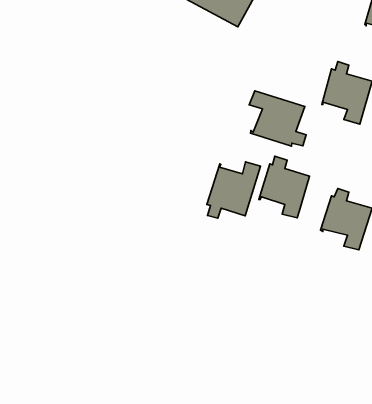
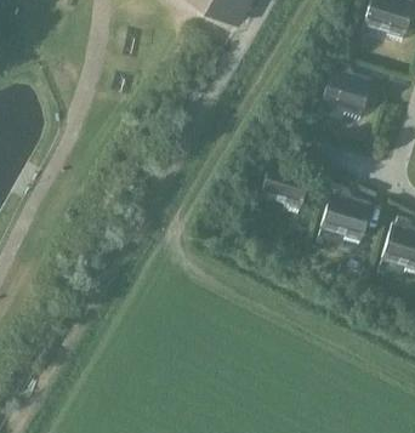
building: [249,91,306,146] -> none
building: [207,162,261,218] -> none

